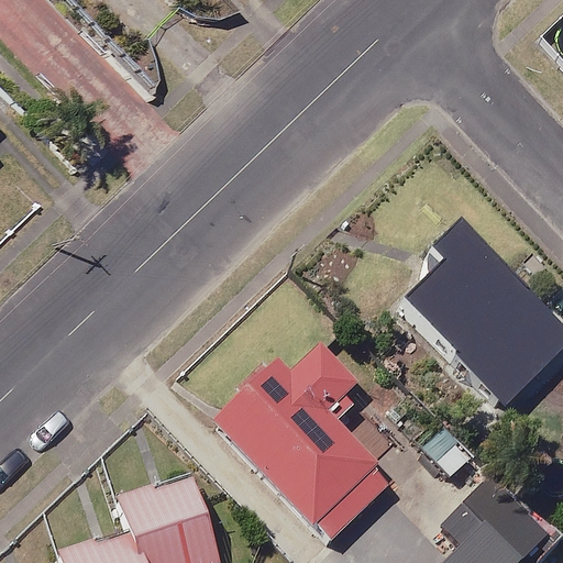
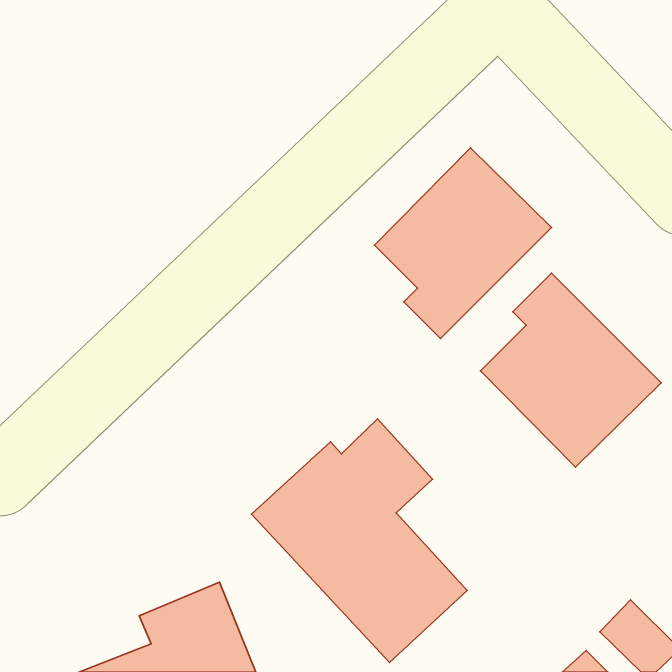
building: none -> [374,148,551,338]

